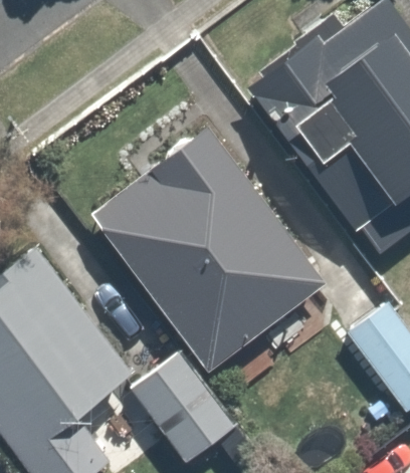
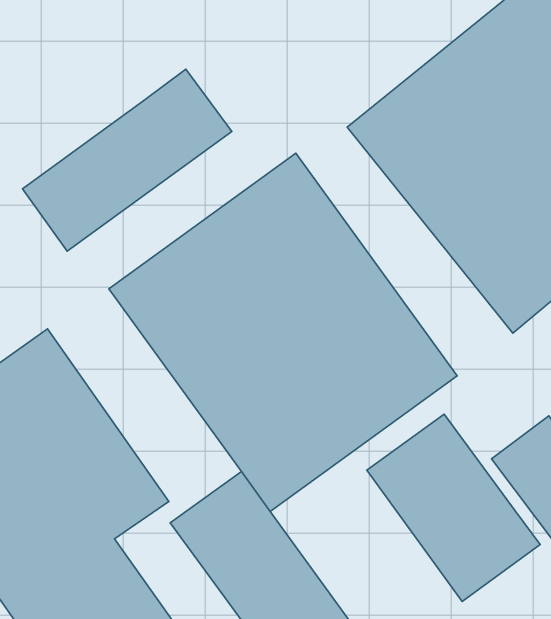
building: none -> [22,69,232,251]
building: none -> [367,414,540,602]

